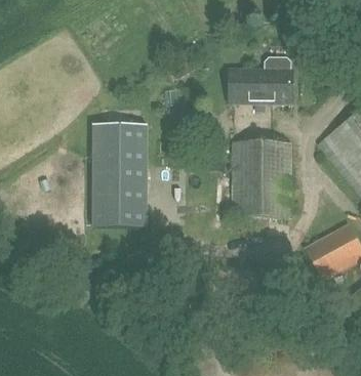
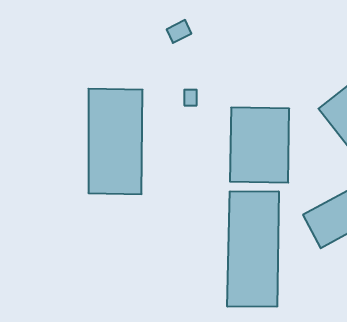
building: [230,55,292,101] -> none
building: none -> [227,191,279,307]

